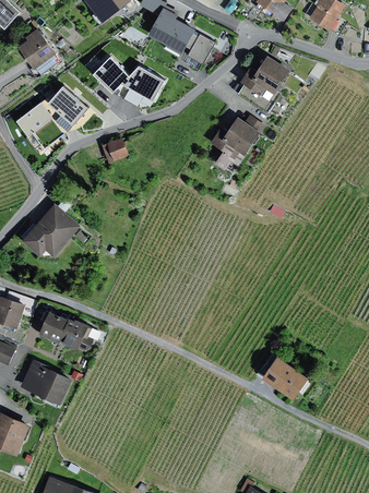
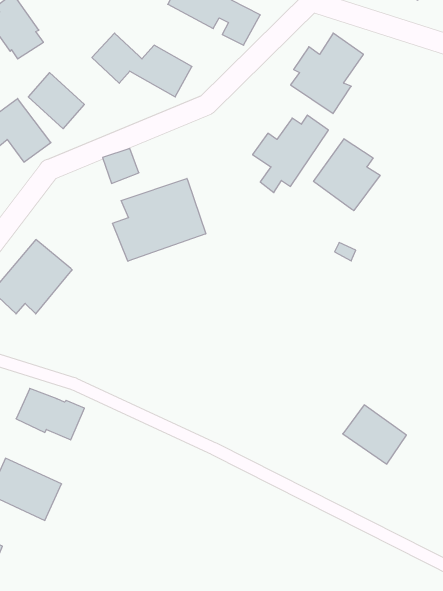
building: none -> [314,139,380,211]
building: none -> [113,178,206,261]
building: [262,357,308,399] -> [343,405,406,464]

